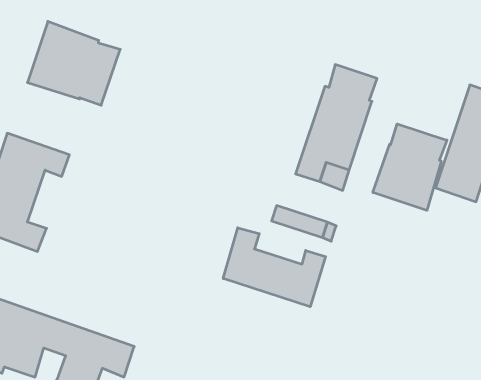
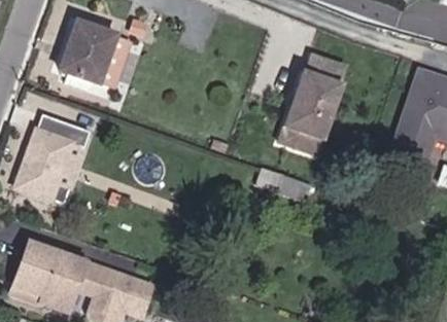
building: [373,124,447,210] -> none
building: [223,228,326,307] -> none

